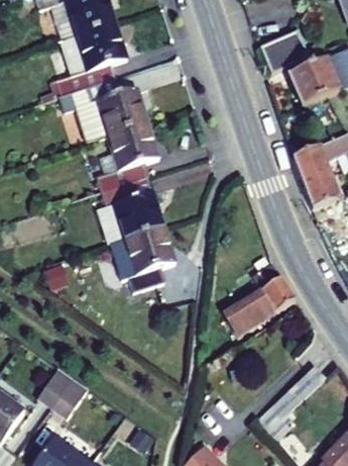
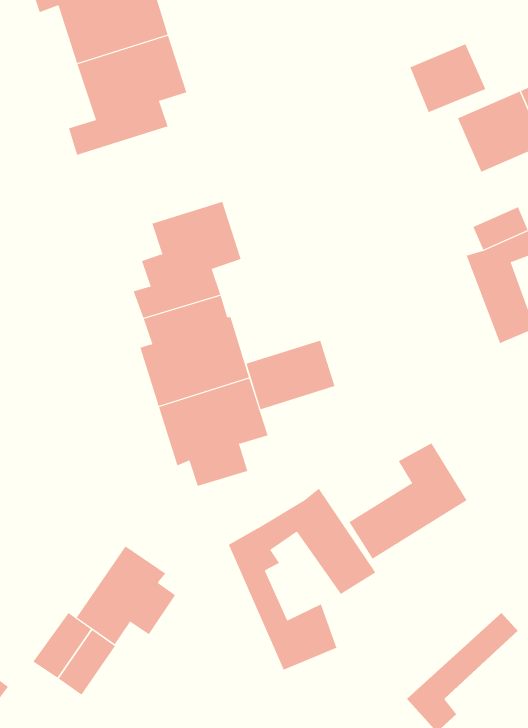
building: [59,79,148,144] -> none
building: none -> [246,340,335,410]
building: none -> [228,488,376,671]
building: none -> [76,545,176,645]

